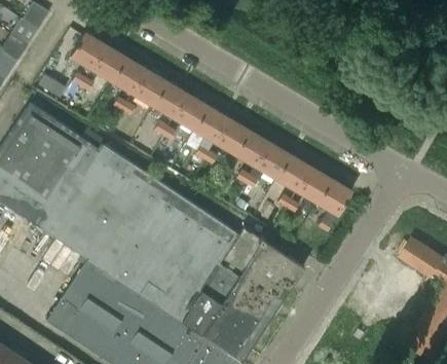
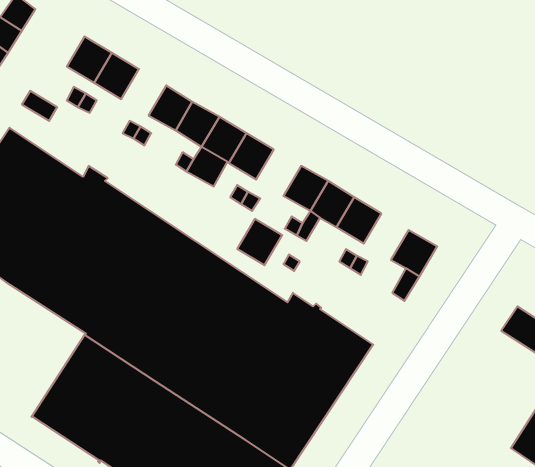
building: [112,59,146,94] -> none
building: [214,119,248,154] -> [237,219,282,265]
building: [295,168,329,203] -> none

